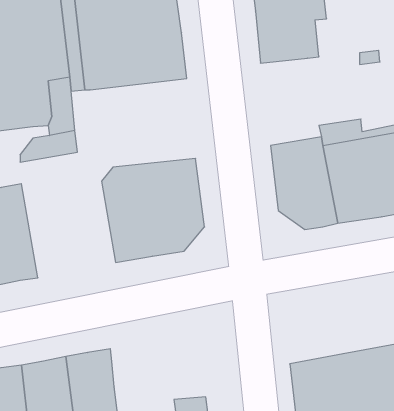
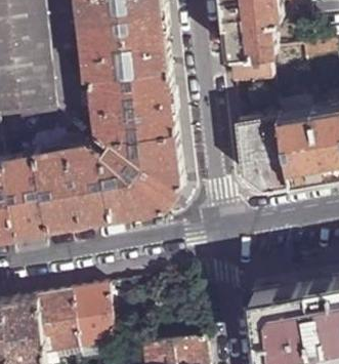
building: none -> [228,54,270,83]
building: none -> [91,71,176,143]
building: none -> [36,144,112,232]

